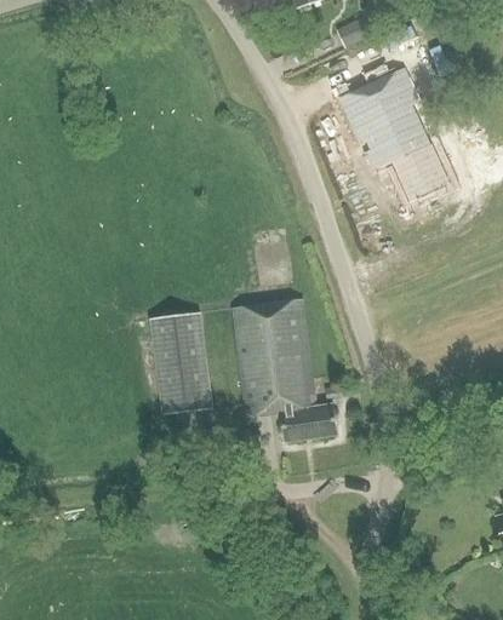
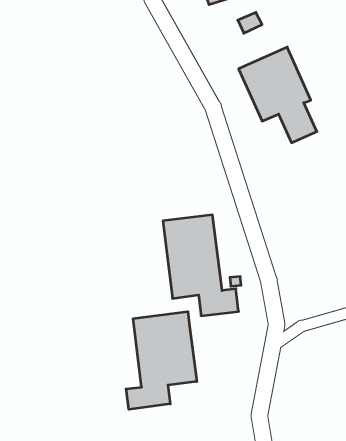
building: [150,310,213,413] -> none
building: none -> [126,312,197,409]

